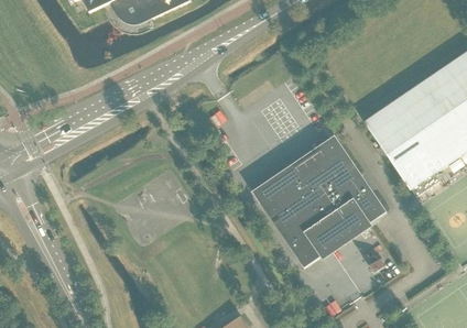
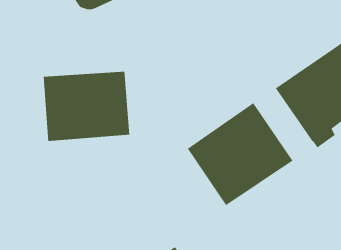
building: none -> [43,71,130,142]

